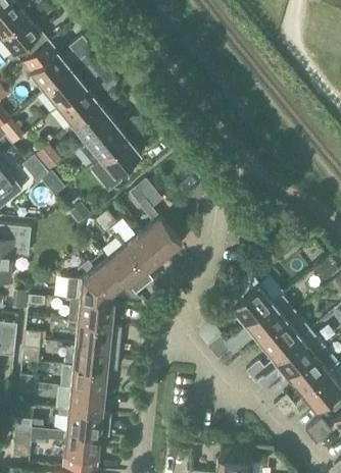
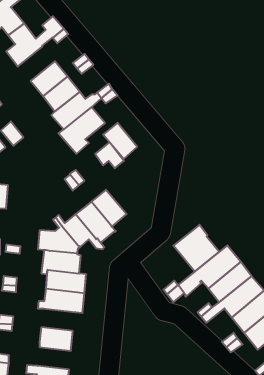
building: [42,69,84,108] -> none
building: [142,218,181,259] -> [103,123,137,159]
building: [59,365,107,391] -> none
building: [57,410,110,436] -> none

